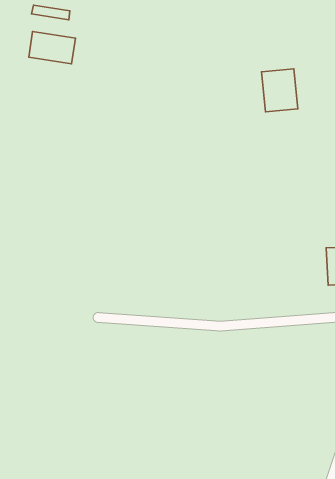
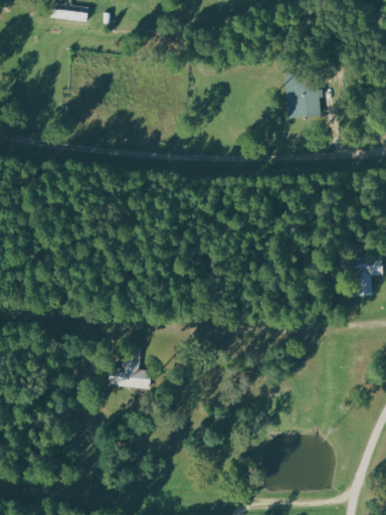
building: [29,31,75,64] -> none
building: none -> [110,367,153,388]

